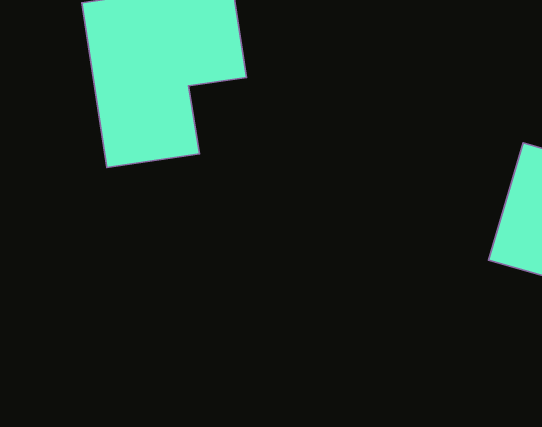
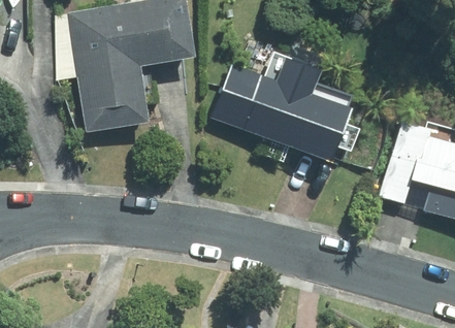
building: none -> [217,50,355,159]

